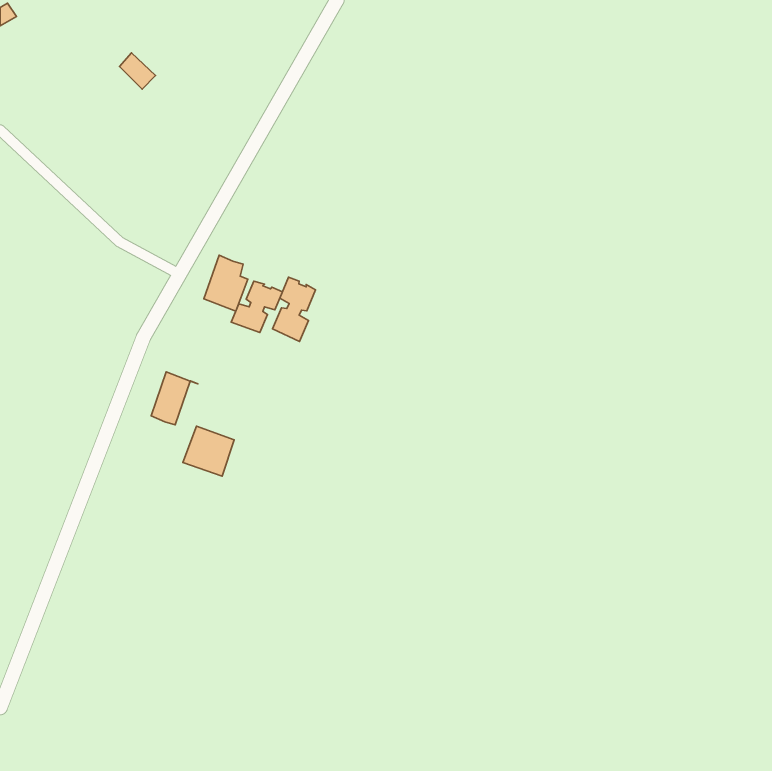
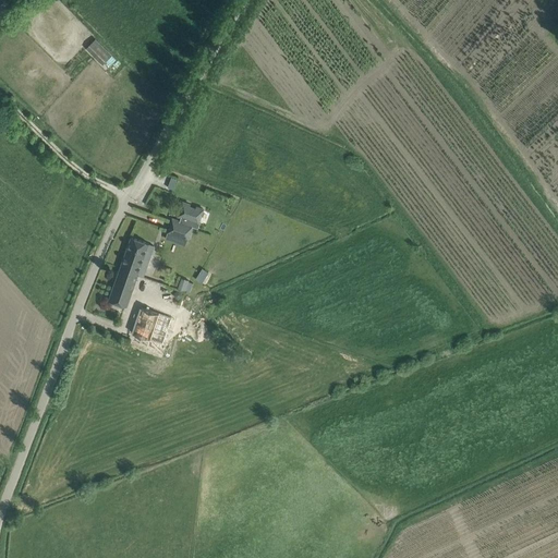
building: [204,255,248,311] -> [120,238,151,278]
building: [273,277,316,342] -> none

